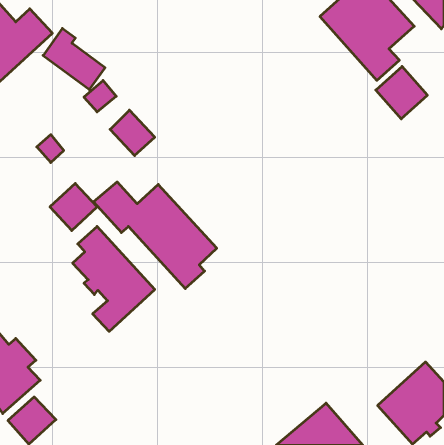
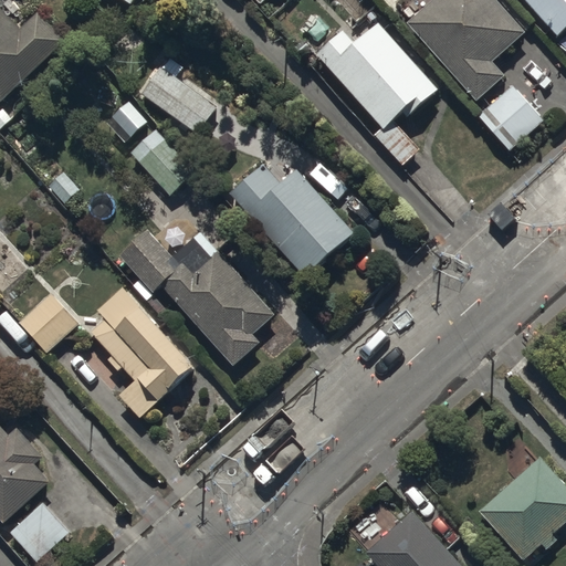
building: none -> [316,23,438,166]
building: [43,28,105,90] -> [142,59,220,136]
building: none -> [227,164,353,279]
building: [50,183,97,231] -> [19,292,78,352]

